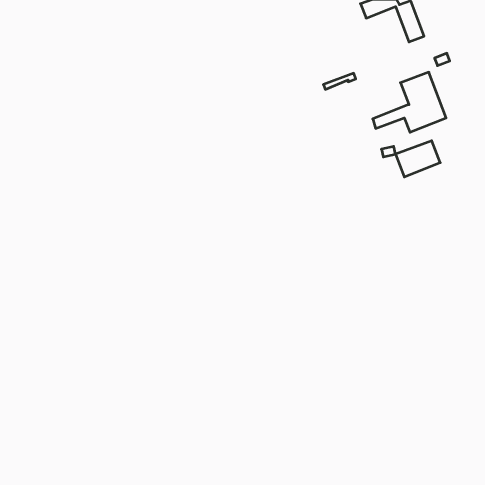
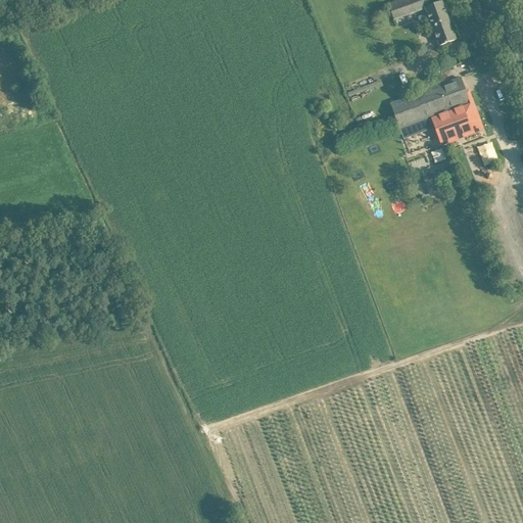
building: [396,141,440,177] -> [392,89,440,128]

